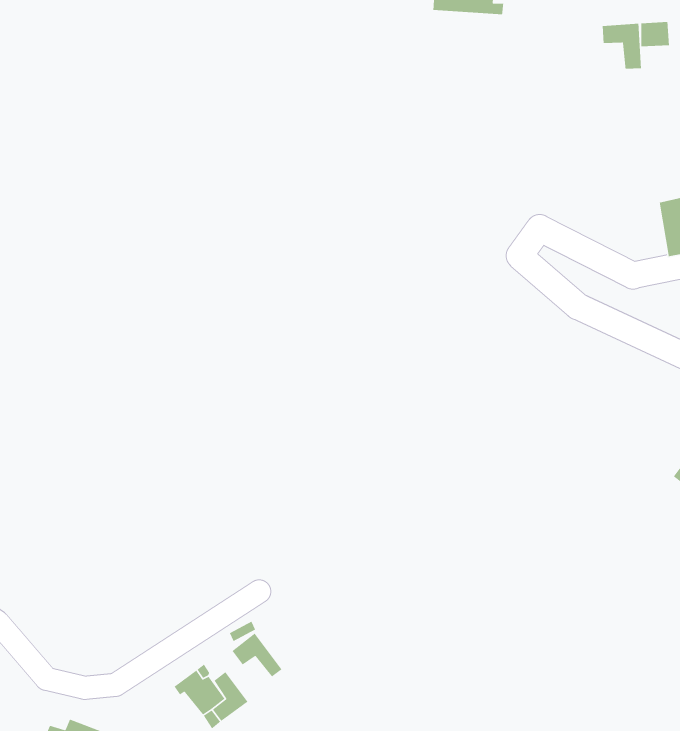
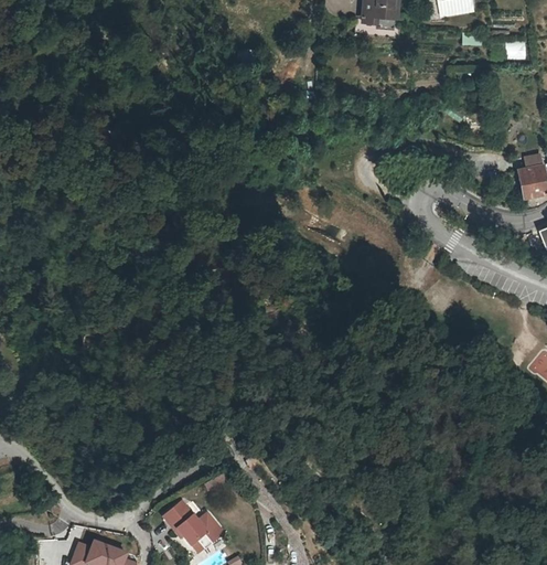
building: [602,23,642,70] -> none
building: [232,633,282,677] -> none

